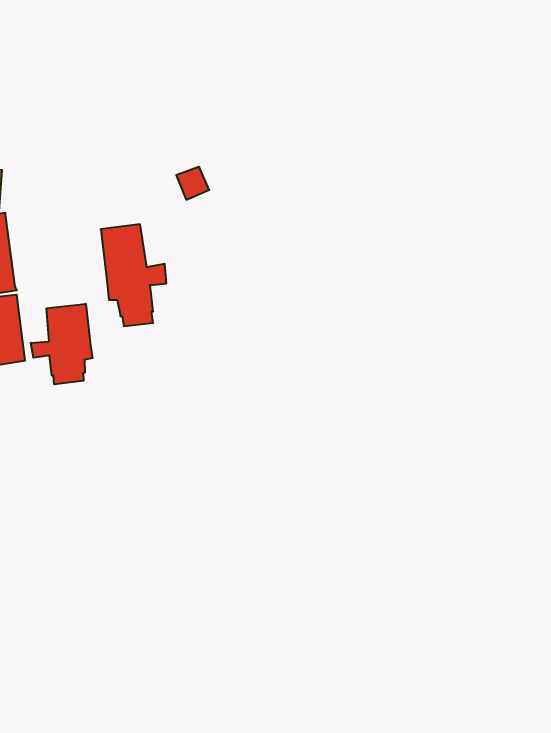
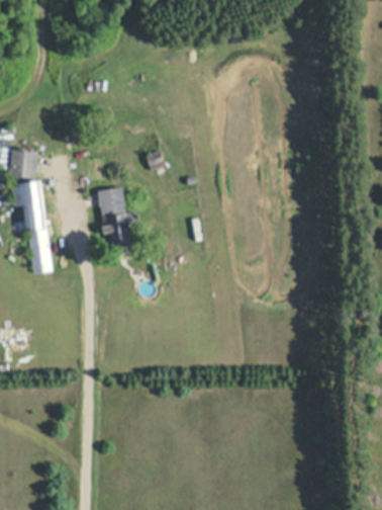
building: [31,304,92,384] -> none

